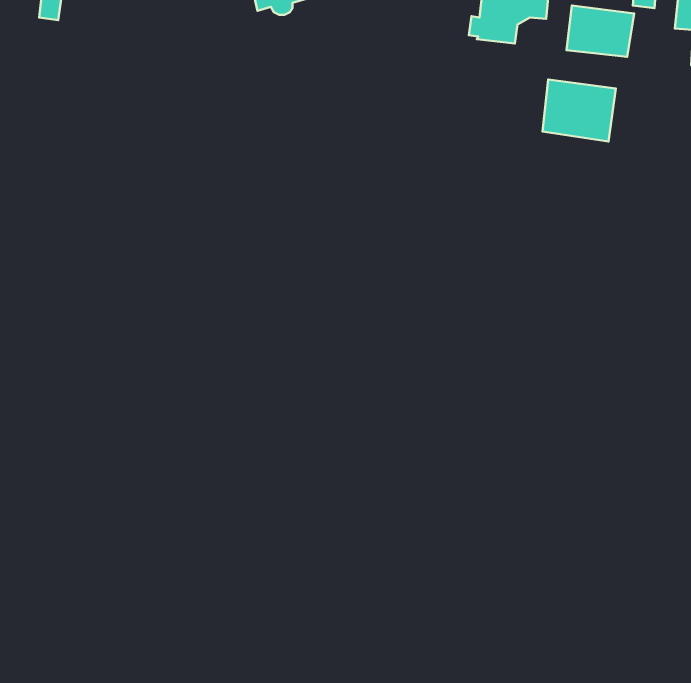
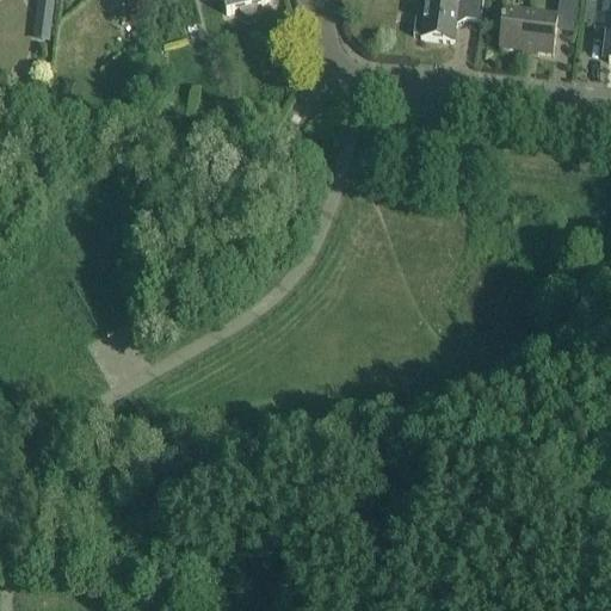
building: [543,80,616,142] -> none

